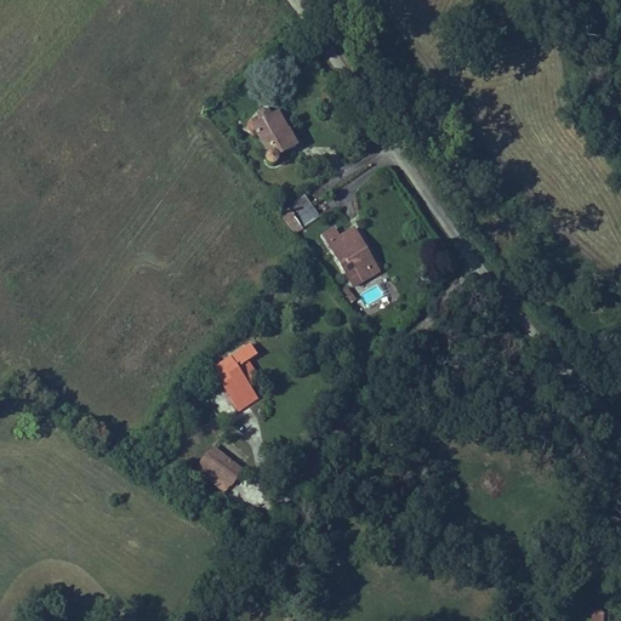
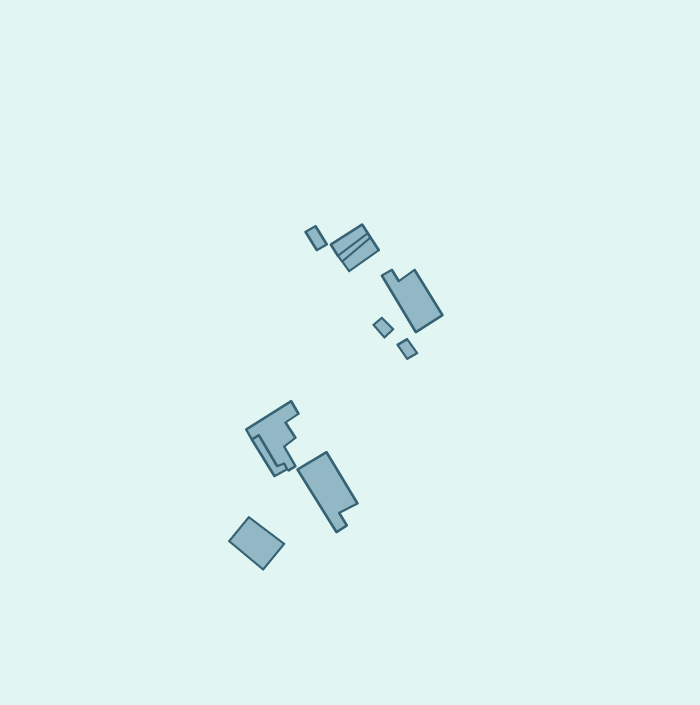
building: [260,109,302,163] -> none
building: none -> [297,452,357,532]

